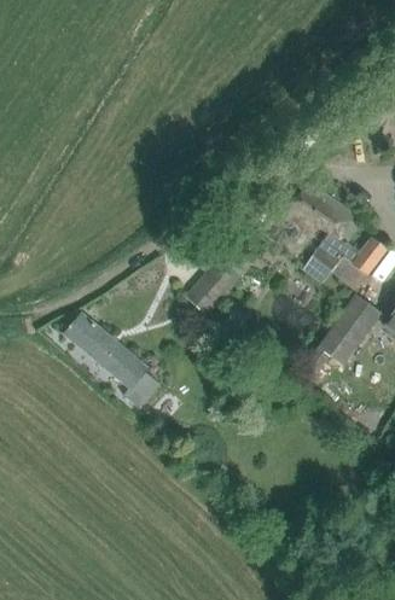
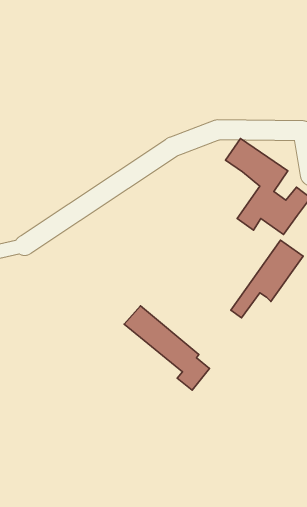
building: [185,269,232,315] -> none
building: [64,313,159,407] -> [124,306,209,390]

